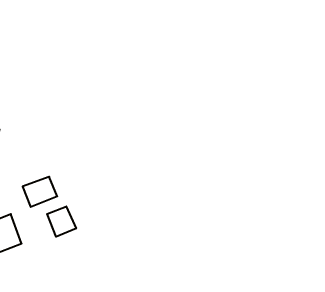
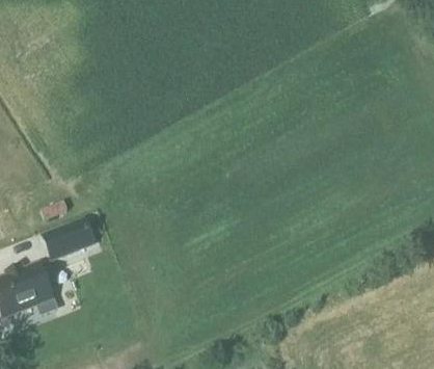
building: [47,206,76,237] -> none

